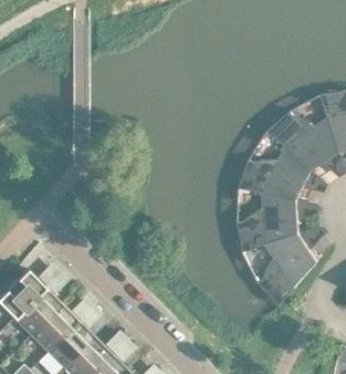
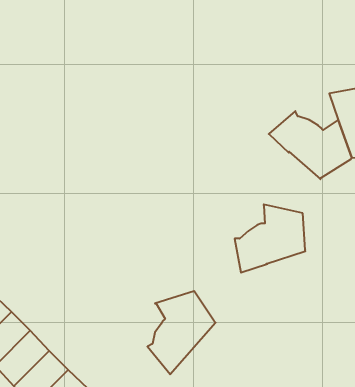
building: [238,145,312,199] -> none
building: [258,232,317,305] -> [147,291,216,374]

